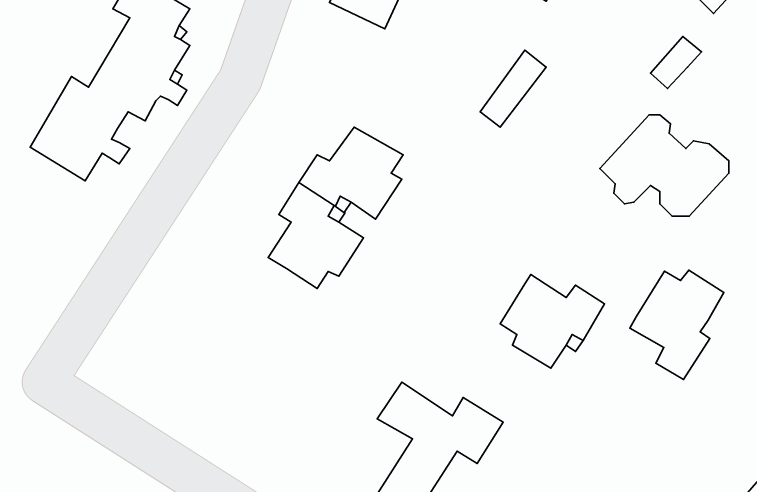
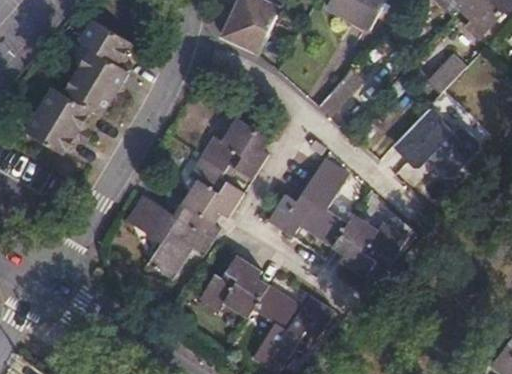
building: none -> [267,157,349,246]
building: none -> [128,195,220,277]
building: [630,270,724,380] -> none
building: none -> [199,253,269,315]

